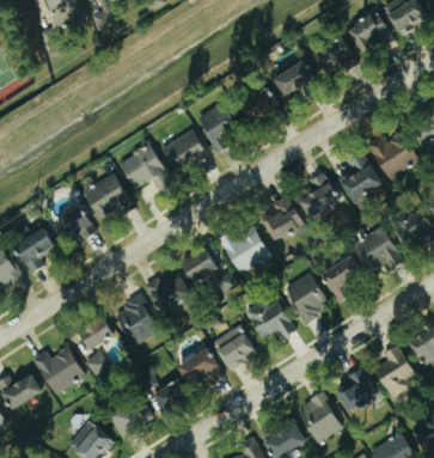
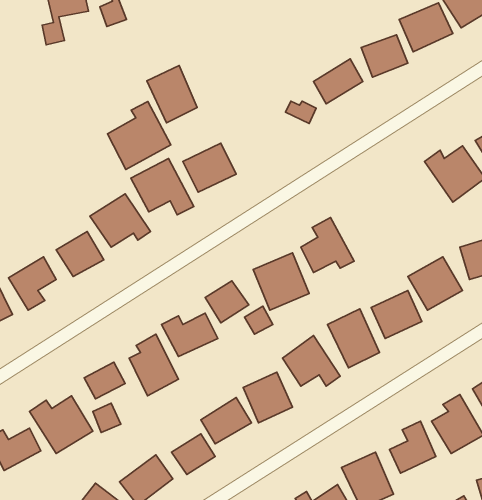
building: none -> [107,102,171,170]
building: [197,102,240,151] -> [147,65,197,123]
building: [340,151,380,204] -> none
building: [299,172,340,219] -> none

